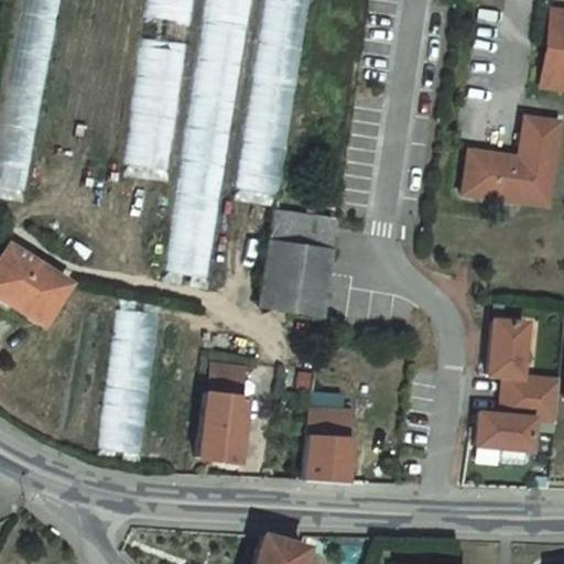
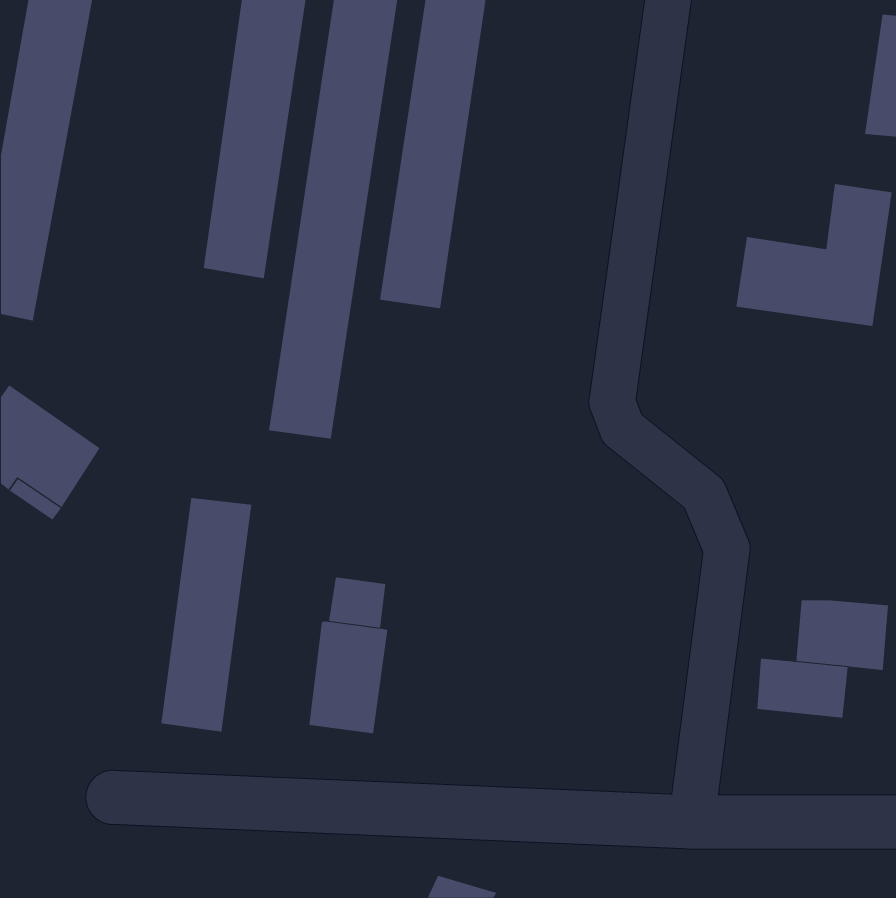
building: [258,207,336,317] -> none
building: [488,318,525,375] -> none
building: [302,393,346,478] -> none

